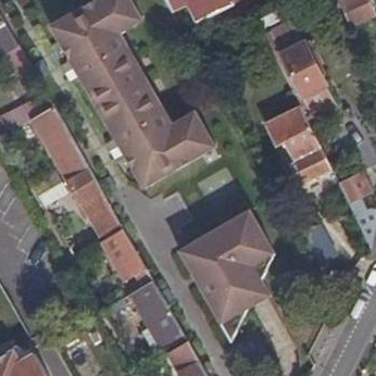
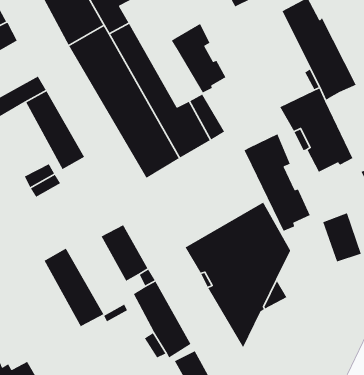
building: none -> [171,23,226,94]
building: none -> [243,133,311,232]
building: [67,168,123,241] -> [43,247,105,328]

